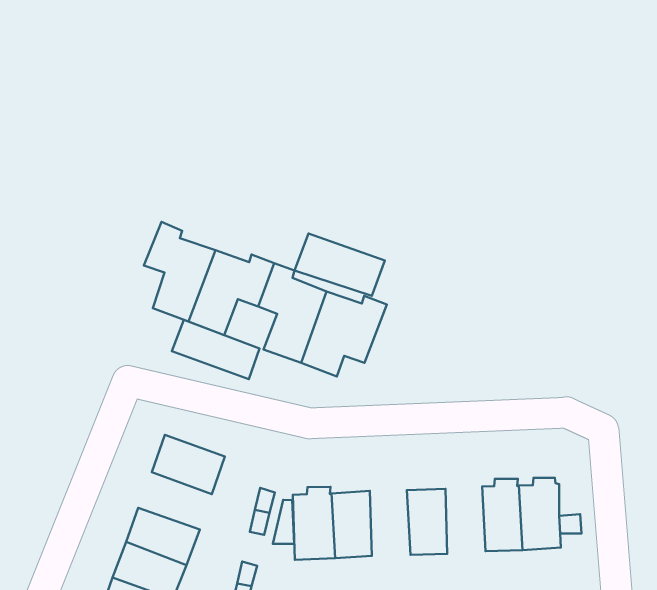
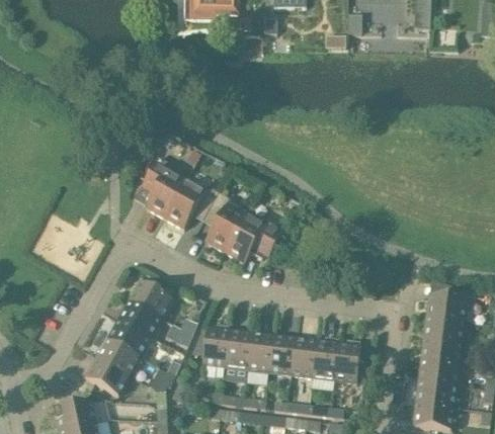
building: [295,233,385,296] -> none
building: [172,320,259,379] -> none
building: none -> [117,300,161,338]
building: none -> [291,338,317,377]
building: none -> [247,332,273,372]

